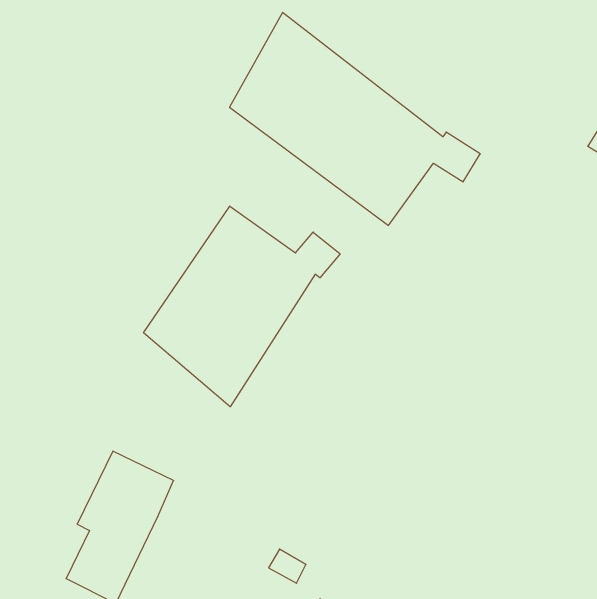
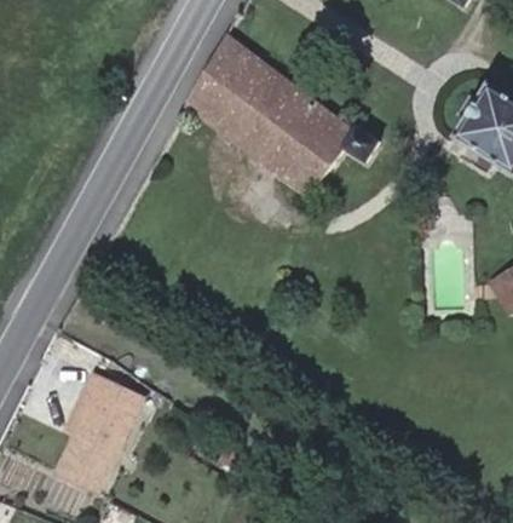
building: [144,206,340,407] -> none

